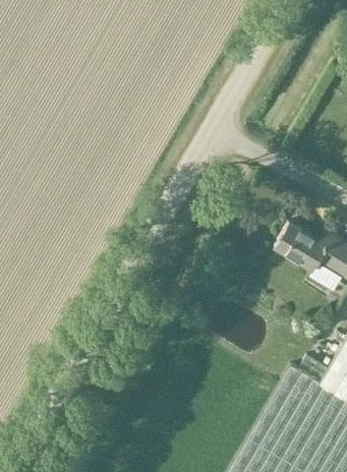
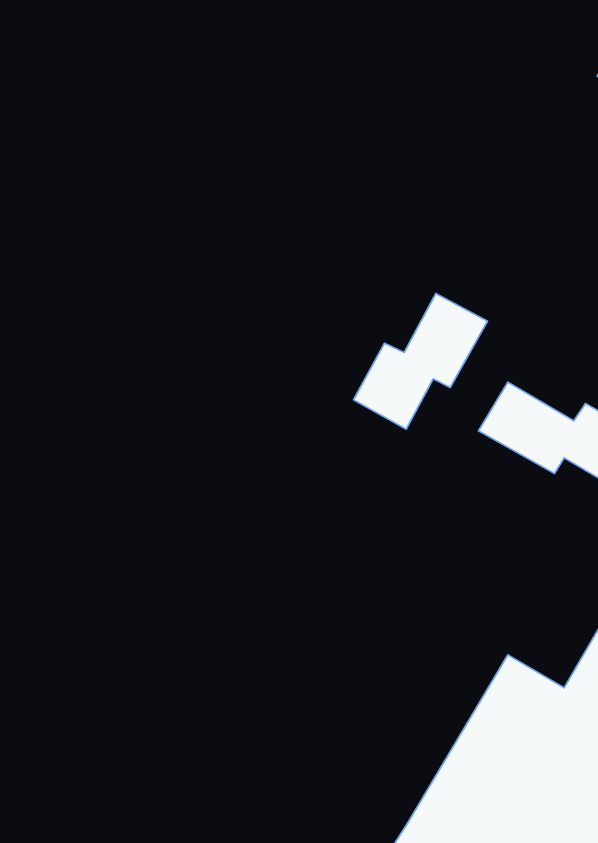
building: none -> [353,294,488,429]

